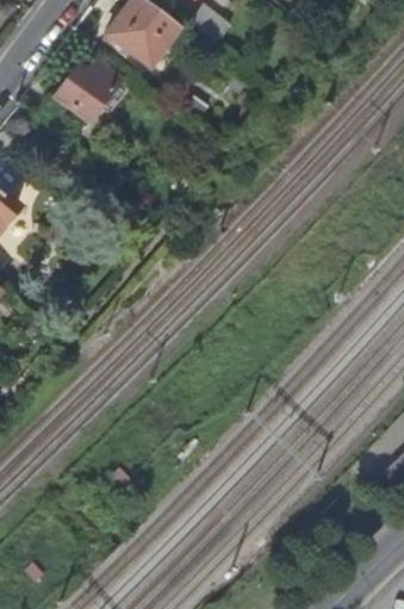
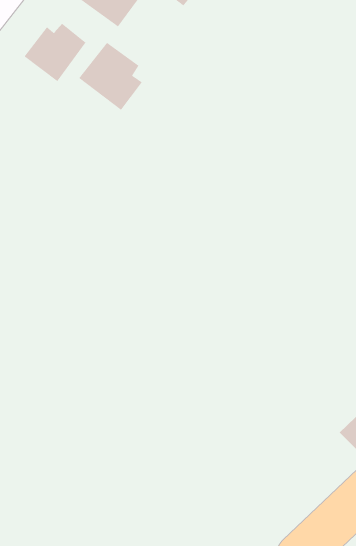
building: none -> [78,42,143,111]

